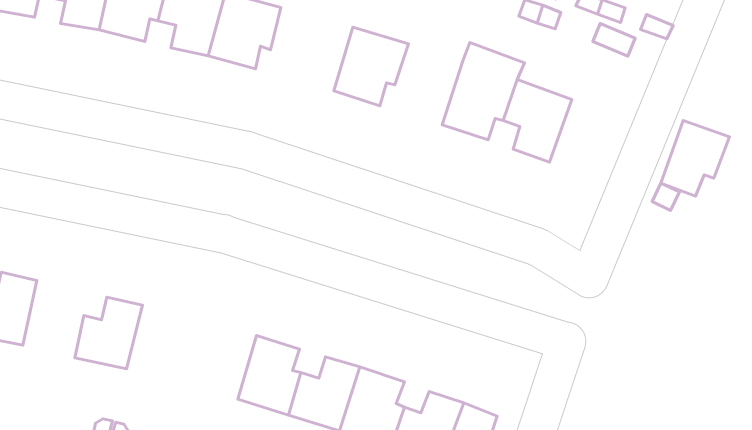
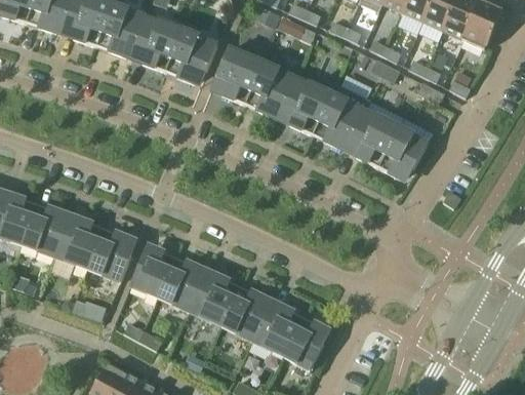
building: none -> [216,49,262,104]
building: none -> [285,79,331,134]
building: [661,120,729,196] -> [379,128,428,179]
building: none -> [23,203,65,256]
building: none -> [88,228,132,282]
building: none -> [130,247,175,297]

